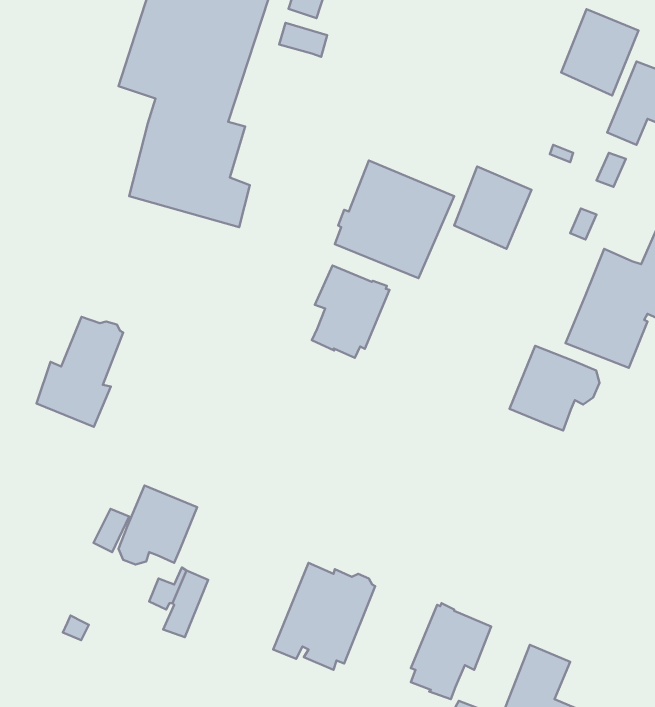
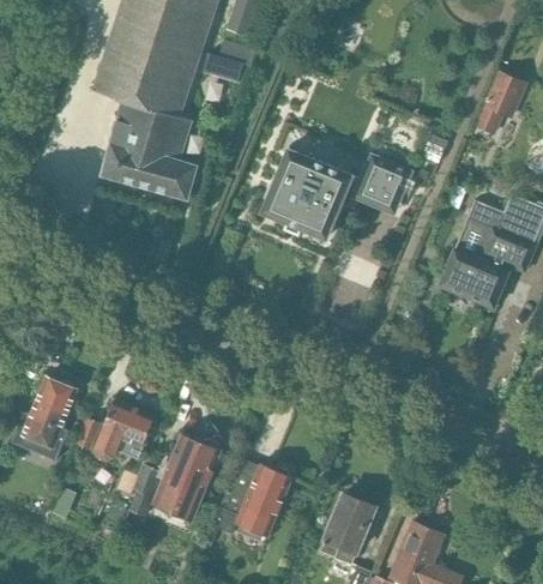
building: [561,9,639,95] -> none
building: [312,265,389,358] -> none
building: [36,317,123,427] -> [11,375,78,460]
building: [509,346,600,430] -> none
building: none -> [153,434,225,519]

